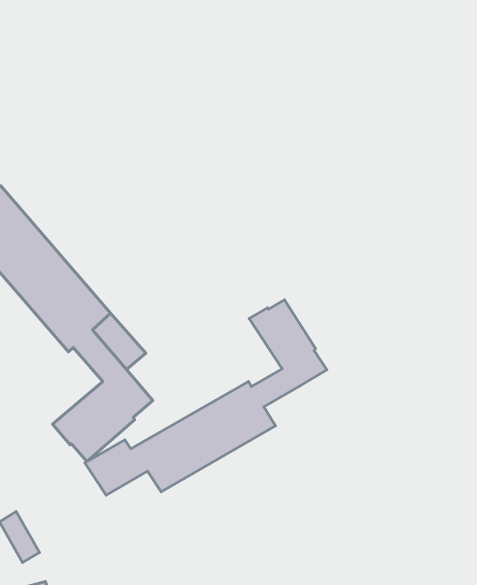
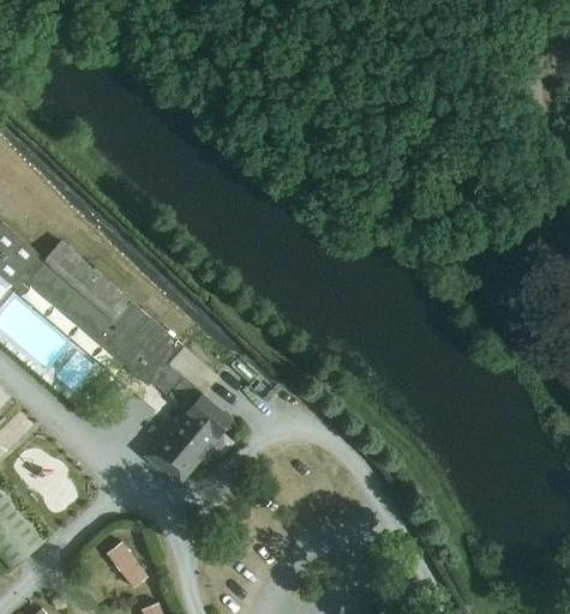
building: [85,300,327,495] -> none

